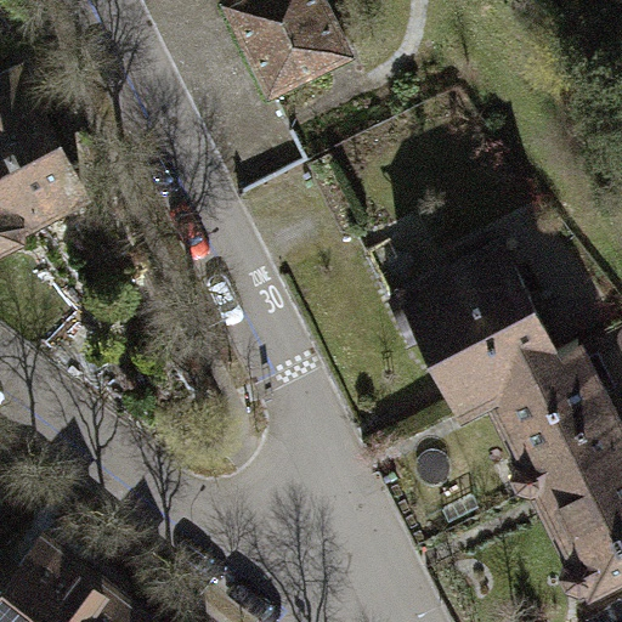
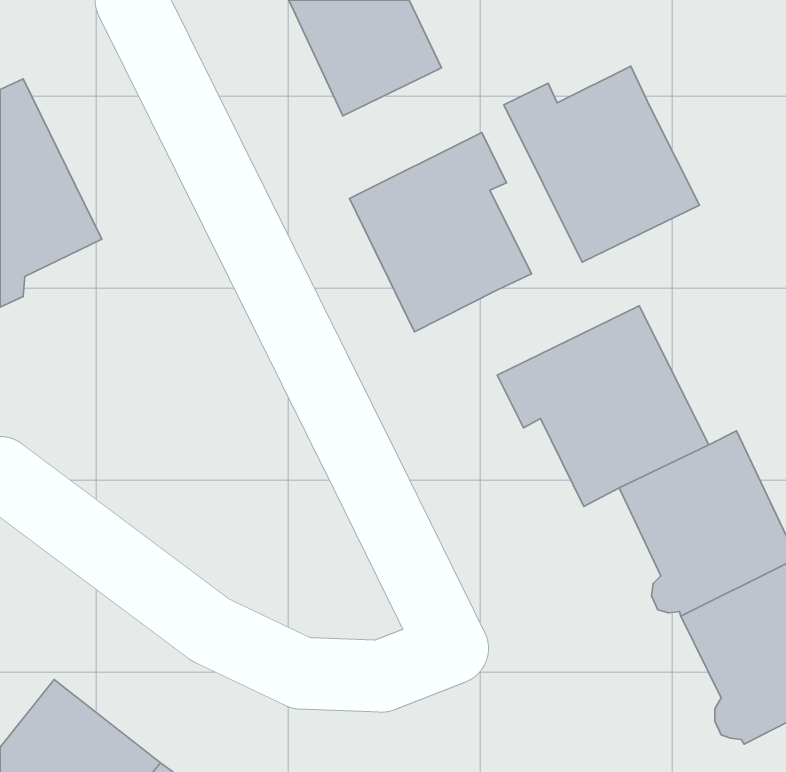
building: none -> [504,66,700,262]
building: none -> [349,132,532,332]

